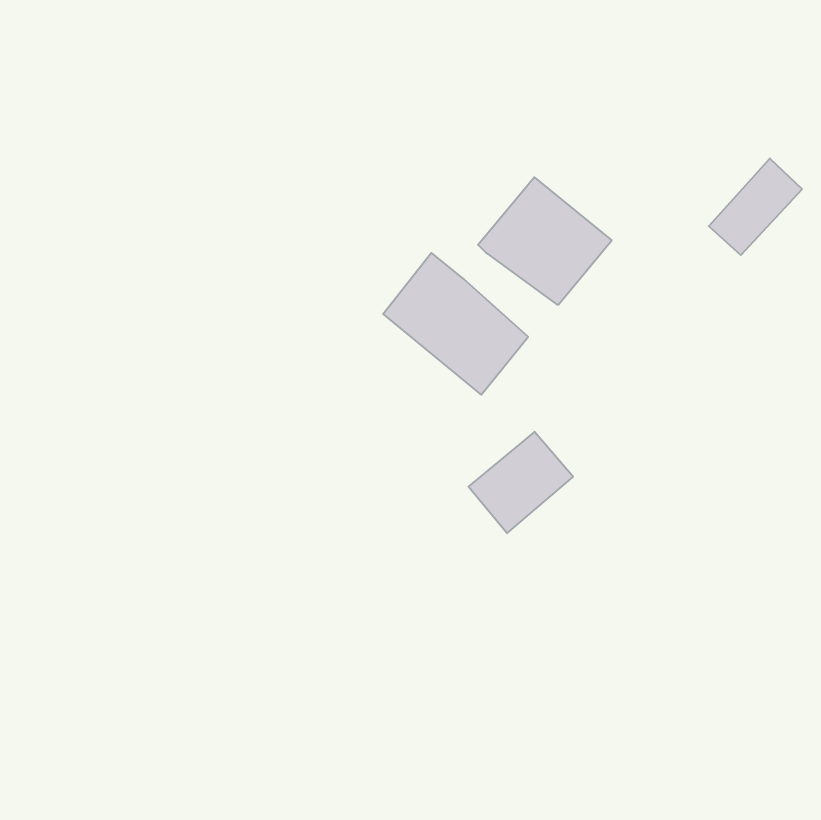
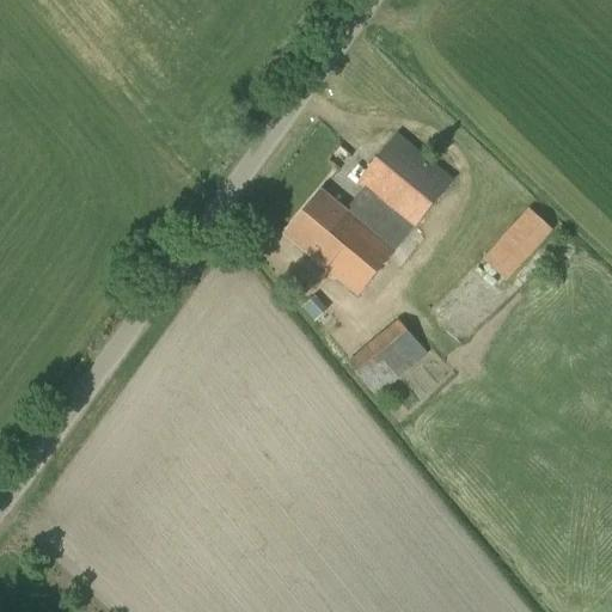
building: [709,158,802,255] -> [482,207,551,279]
building: none -> [344,188,414,250]

